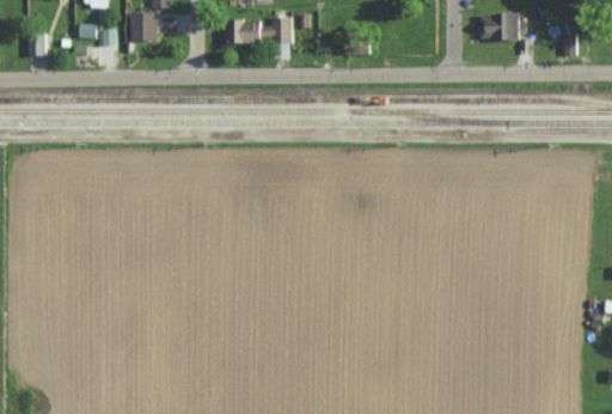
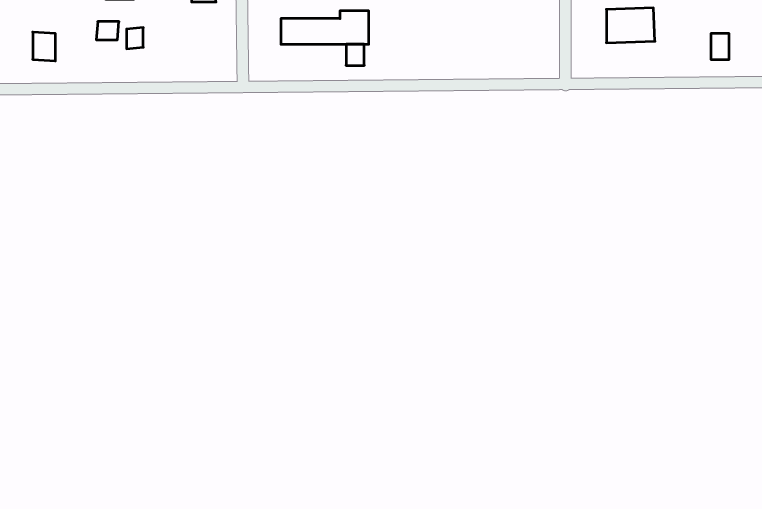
building: [129,12,157,41] -> none

